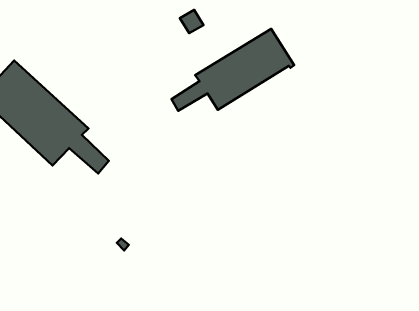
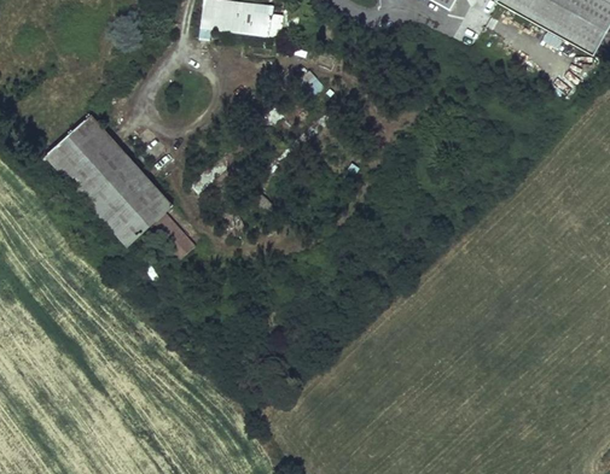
building: [171,29,294,111] -> none

